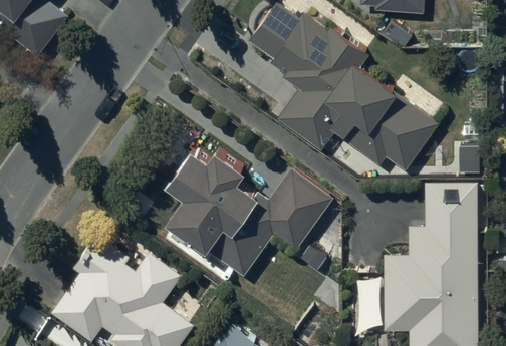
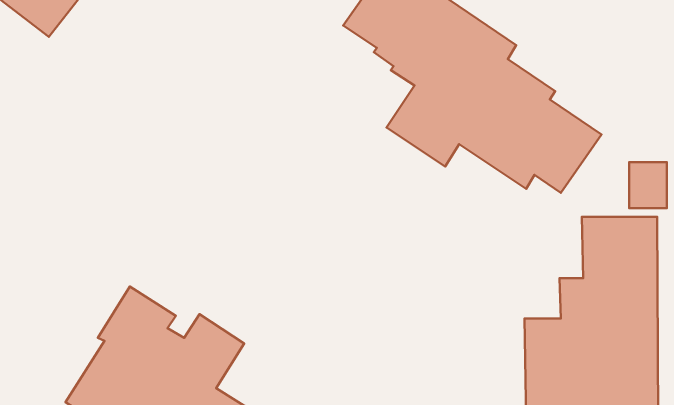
building: [170,145,330,276] -> none

